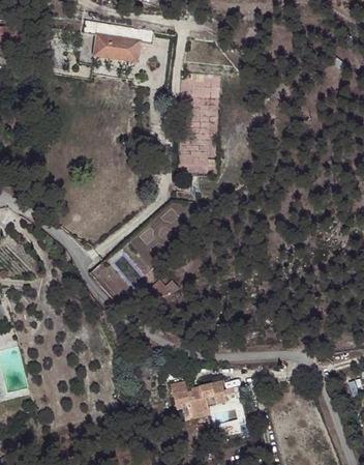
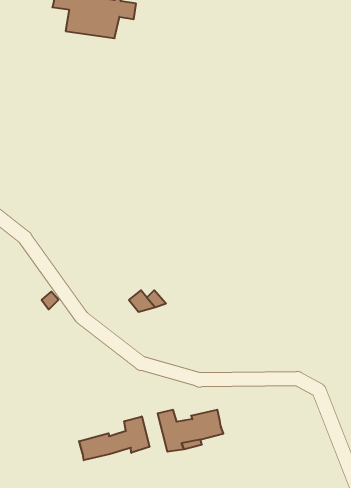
building: none -> [79,416,149,460]

